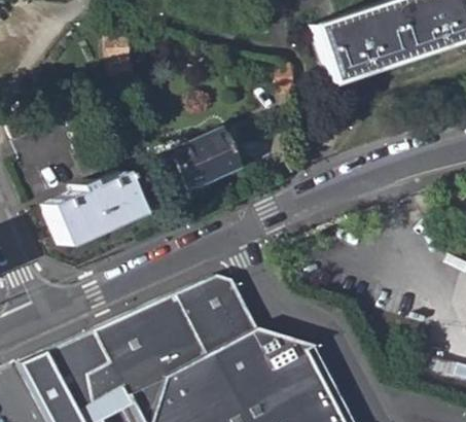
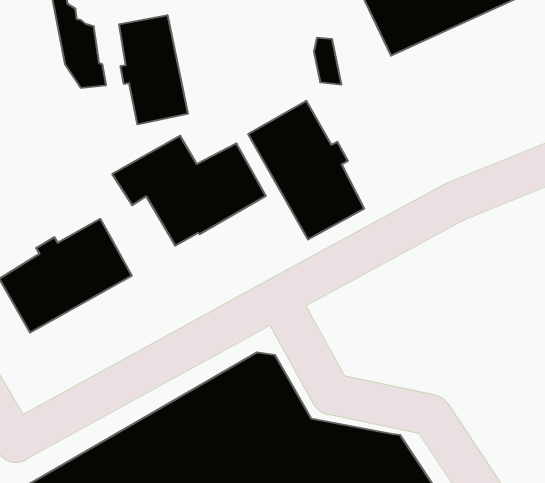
building: none -> [119,15,188,124]
building: none -> [248,101,364,240]

